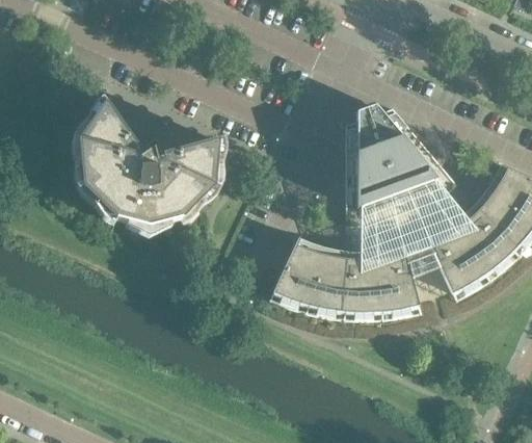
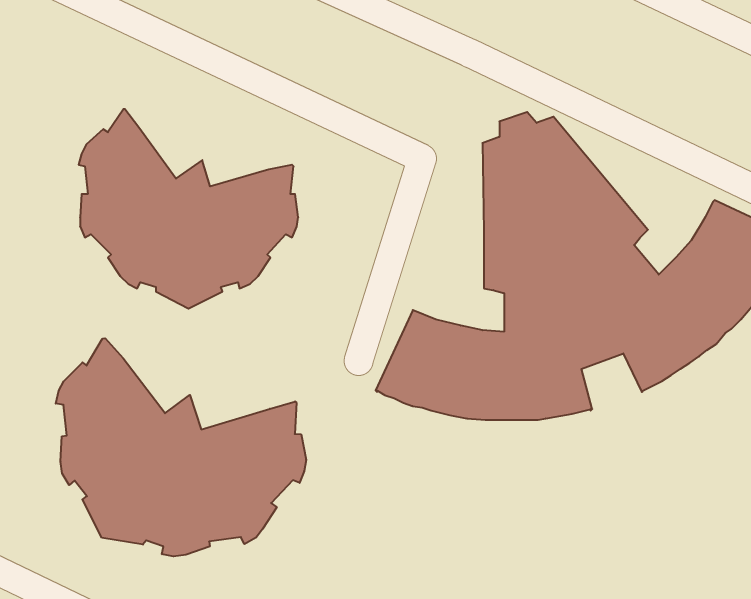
building: none -> [56,338,306,556]

